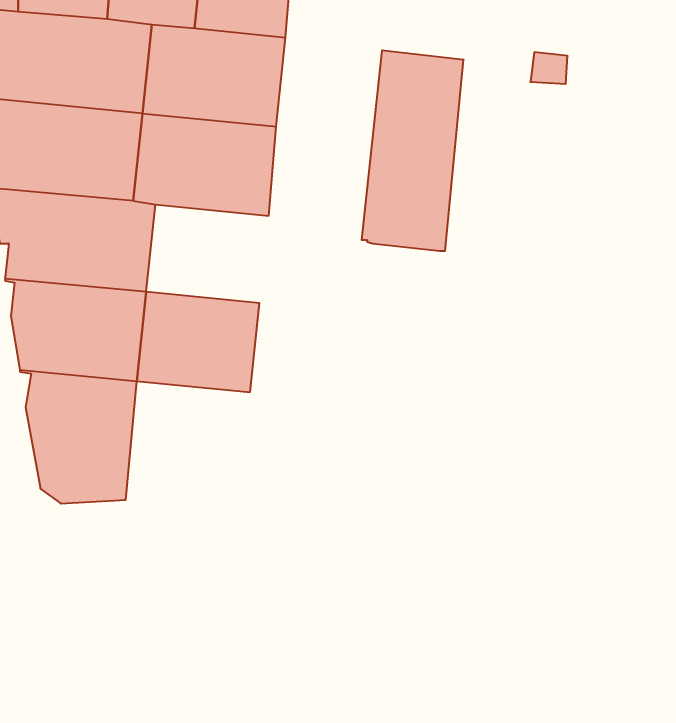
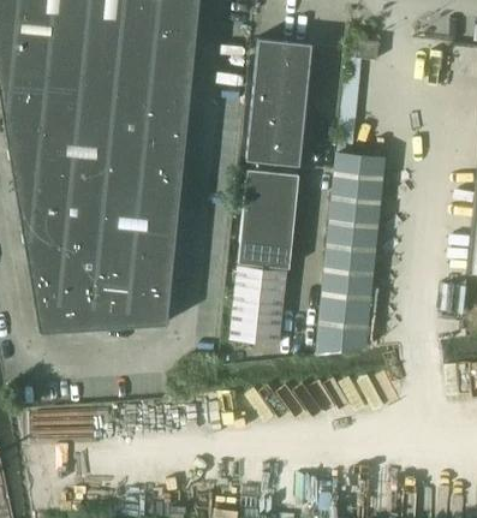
building: none -> [106,137,185,201]
building: none -> [315,153,384,352]
building: none -> [229,162,298,344]
building: none -> [93,251,173,328]

